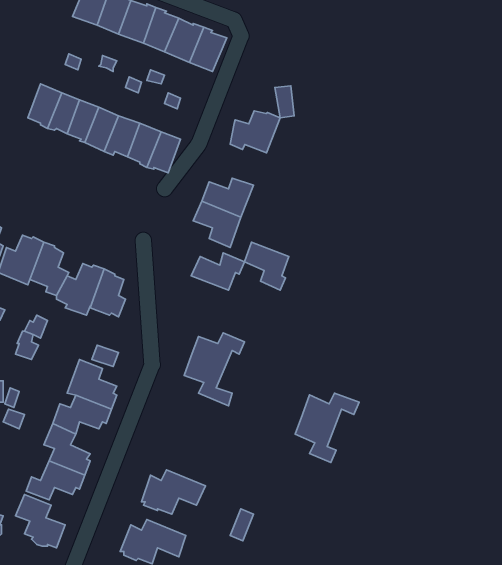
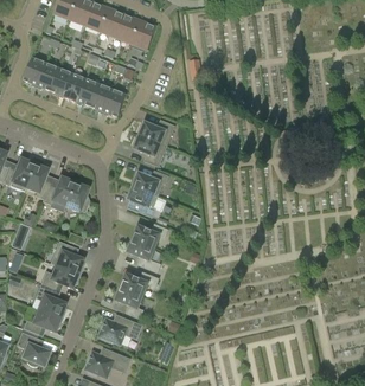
building: [230,111,280,153] -> none
building: [245,242,289,290] -> [128,185,158,217]
building: [295,393,359,463] -> [116,271,159,317]

